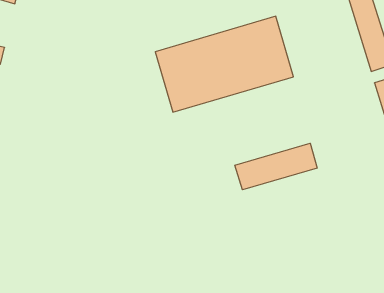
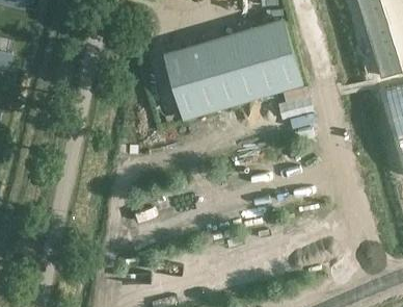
building: [235,143,317,190] -> none

